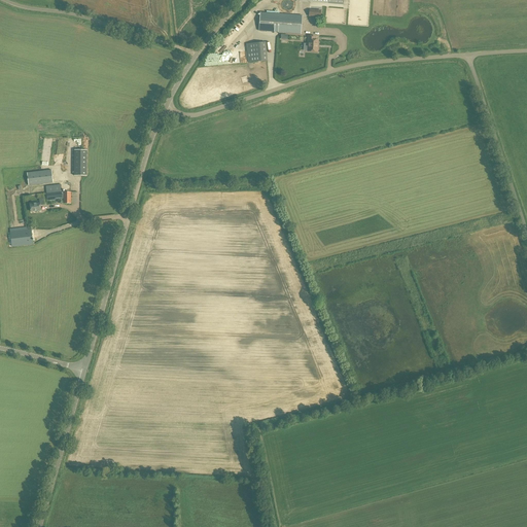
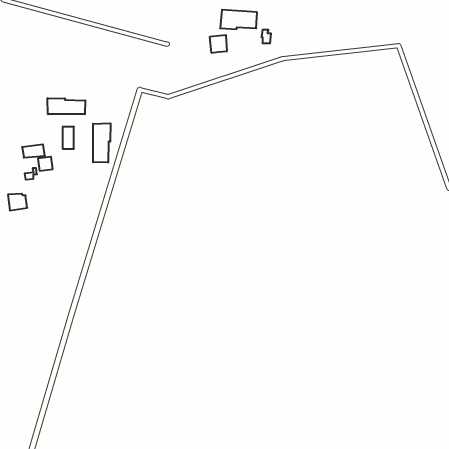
building: none -> [48,98,85,114]
building: none -> [93,123,111,163]

